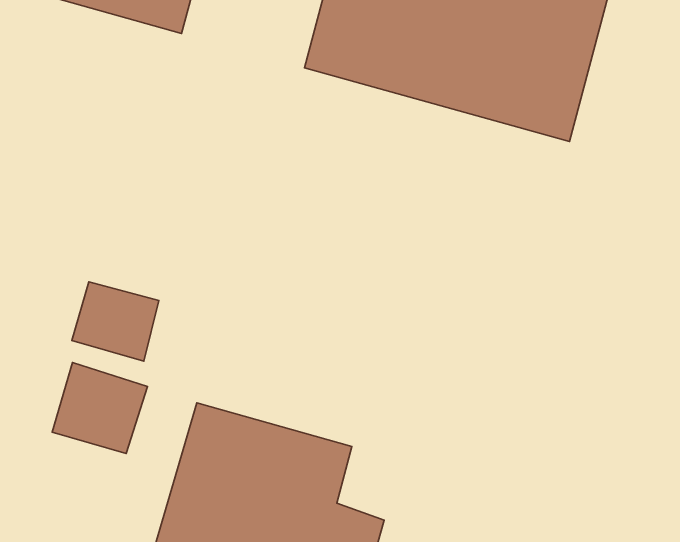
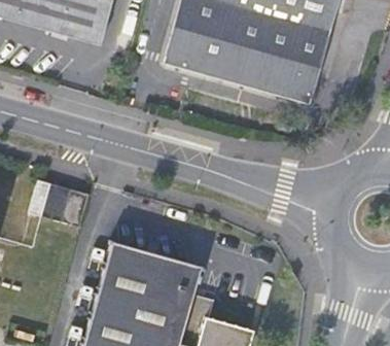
building: [52,362,147,453] -> none

